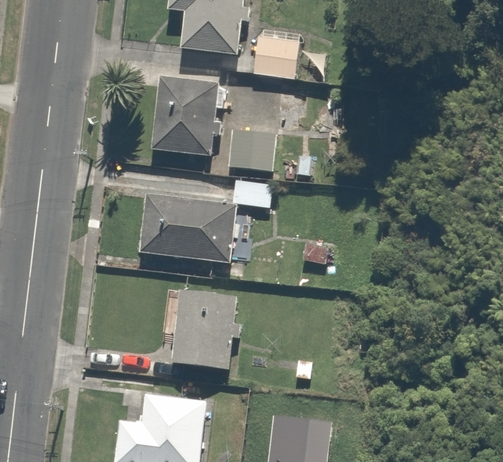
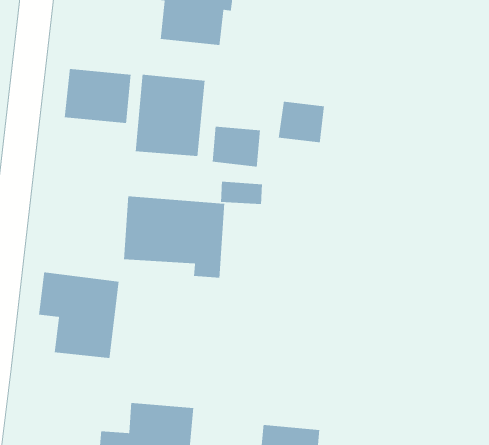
building: [251,34,296,75] -> [278,101,325,143]
building: none -> [64,68,131,124]
building: [159,287,237,371] -> [38,272,119,359]

